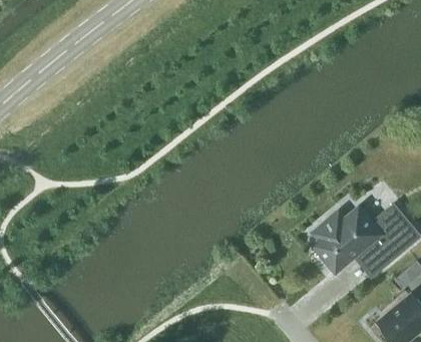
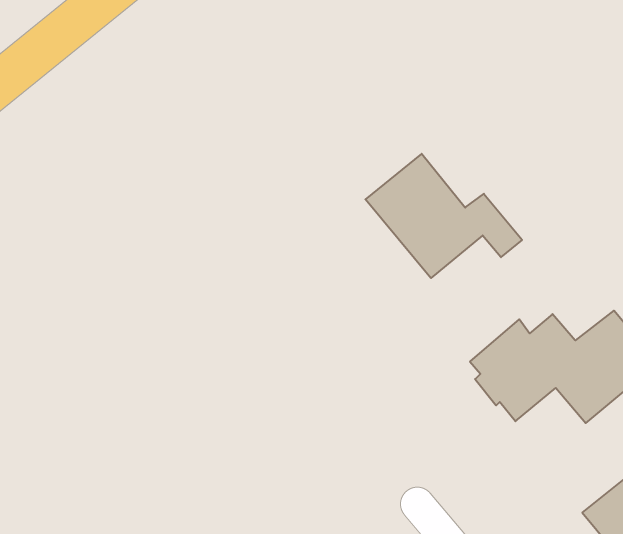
building: none -> [365,154,522,278]

